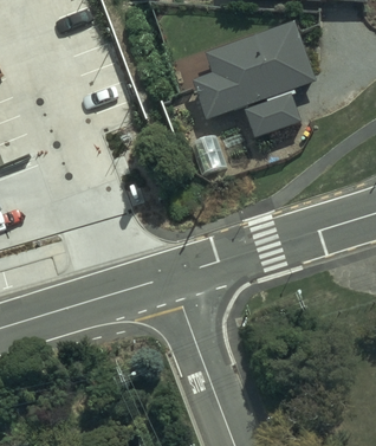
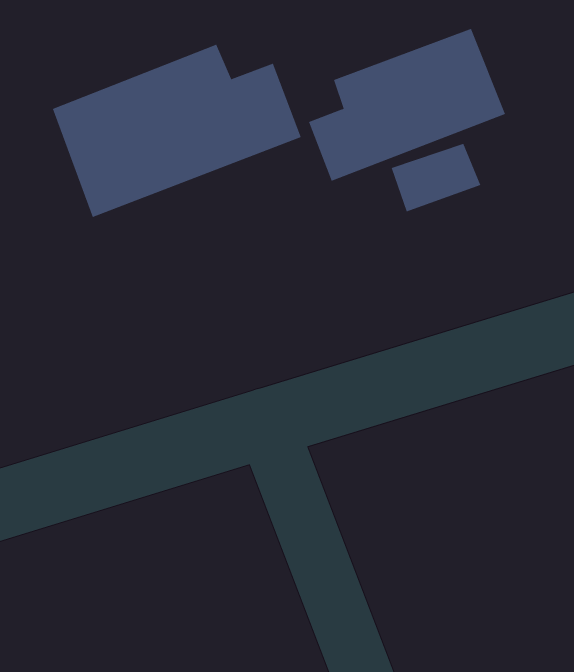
building: none -> [52,44,302,218]

